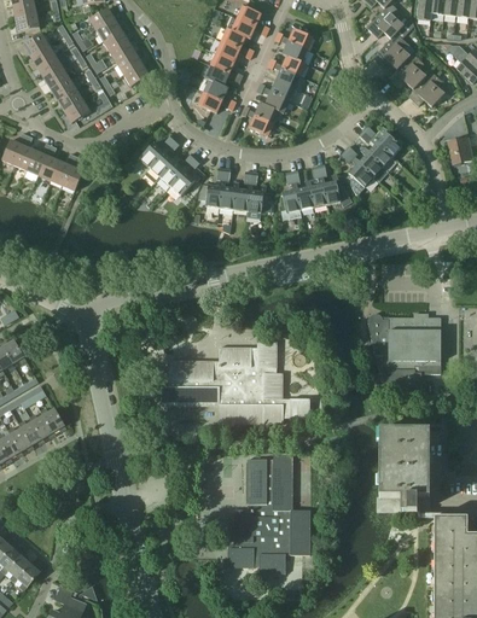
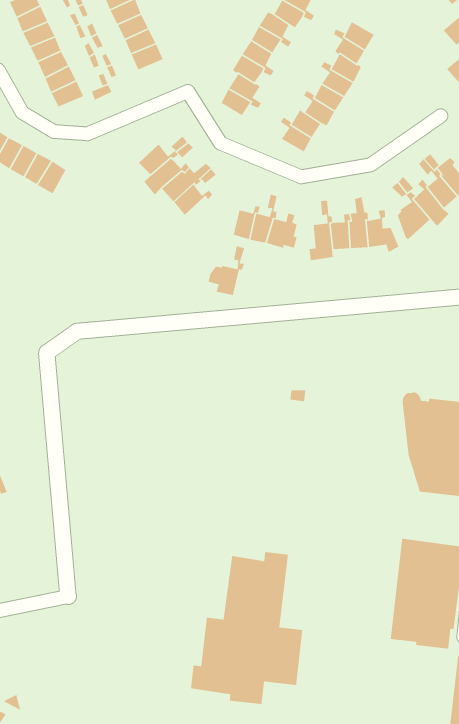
building: [198,167,226,206] -> [207,245,245,296]
building: [162,340,310,422] -> none

